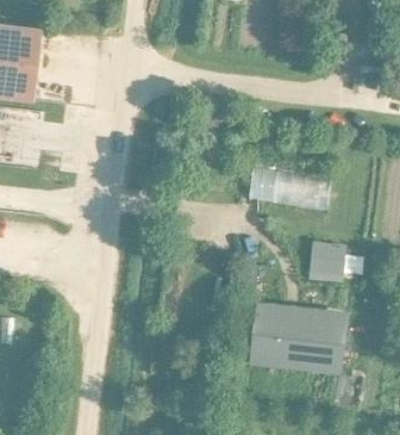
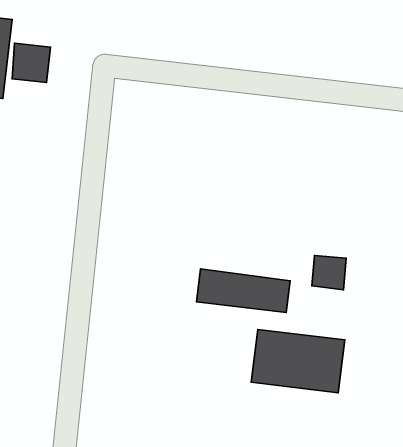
building: none -> [12,43,50,83]
building: [244,169,329,209] -> [196,269,290,312]

